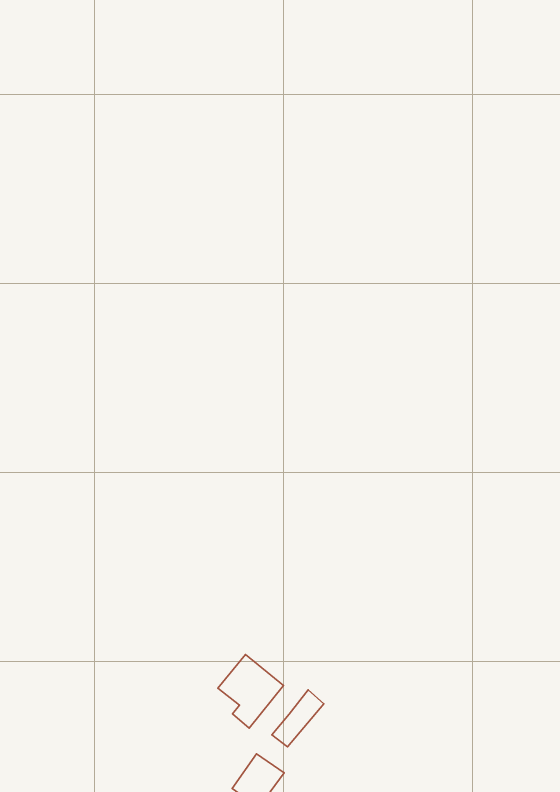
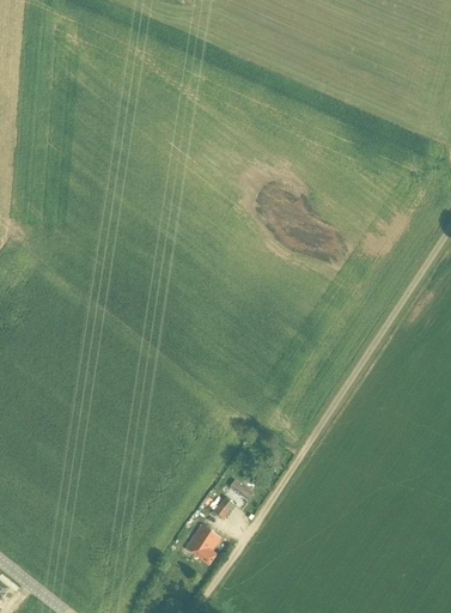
building: [218,655,284,728] -> none

